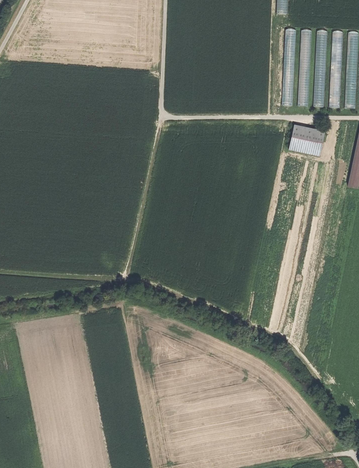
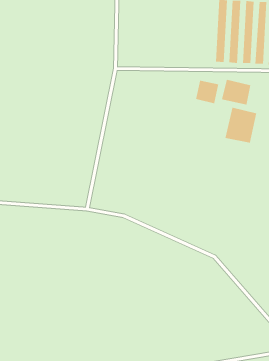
building: none -> [195,80,219,104]
building: none -> [225,107,257,144]

